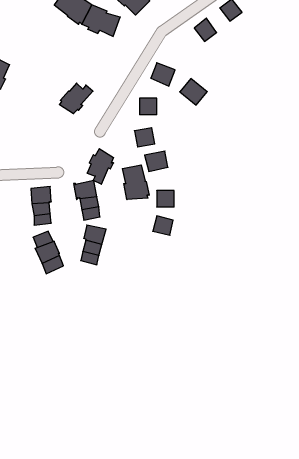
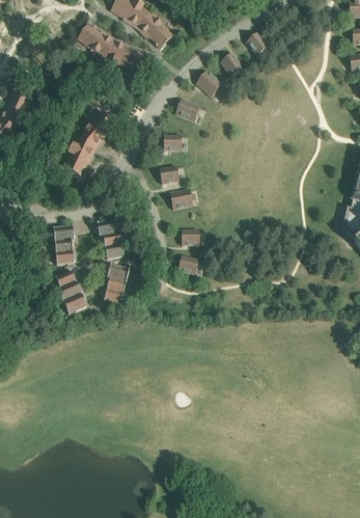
building: [180,79,207,105] -> [195,70,223,97]
building: [87,149,114,184] -> [70,140,96,176]
building: [122,165,149,200] -> none

